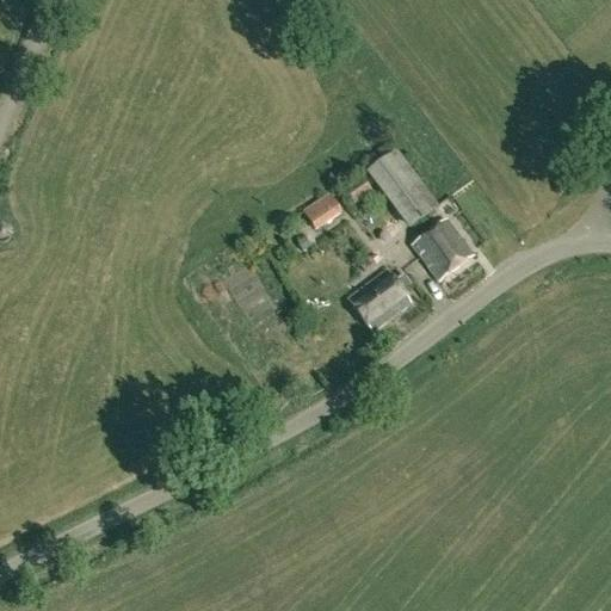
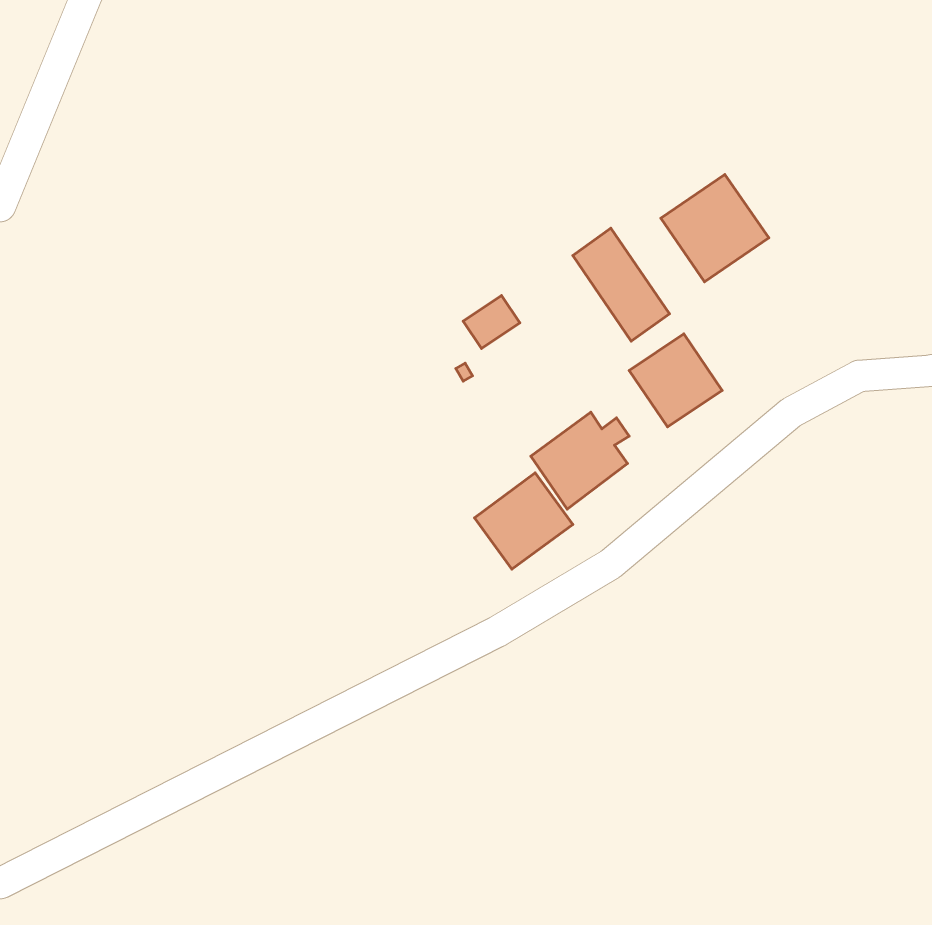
building: none -> [661,174,769,282]
building: none -> [475,473,573,569]

